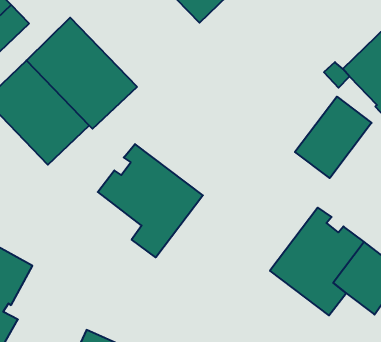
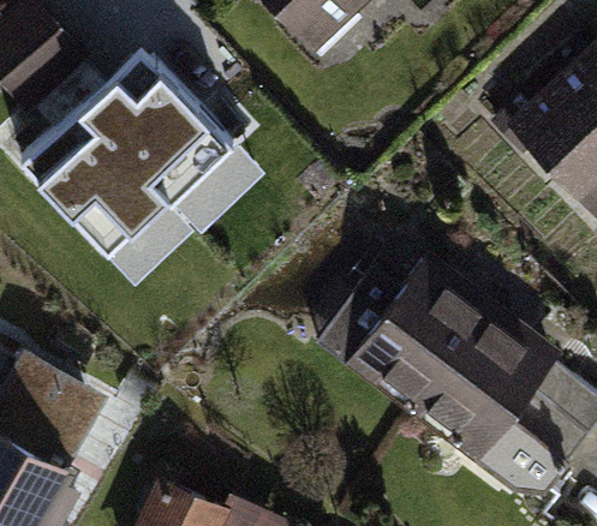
building: [295,97,372,178] -> none
building: [98,144,203,257] -> none
building: none -> [318,269,489,407]

